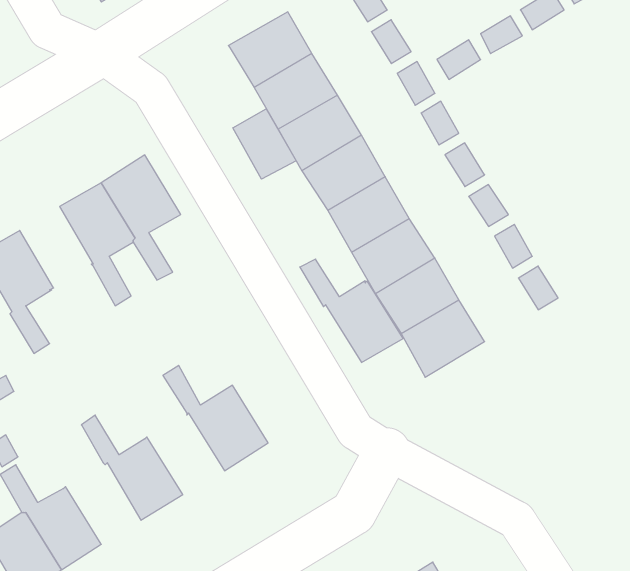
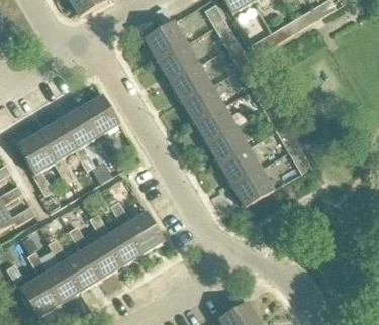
building: [233,109,296,179] -> none
building: none -> [38,120,76,183]
building: [300,259,403,362] -> [90,214,143,266]
building: none -> [49,238,100,292]

